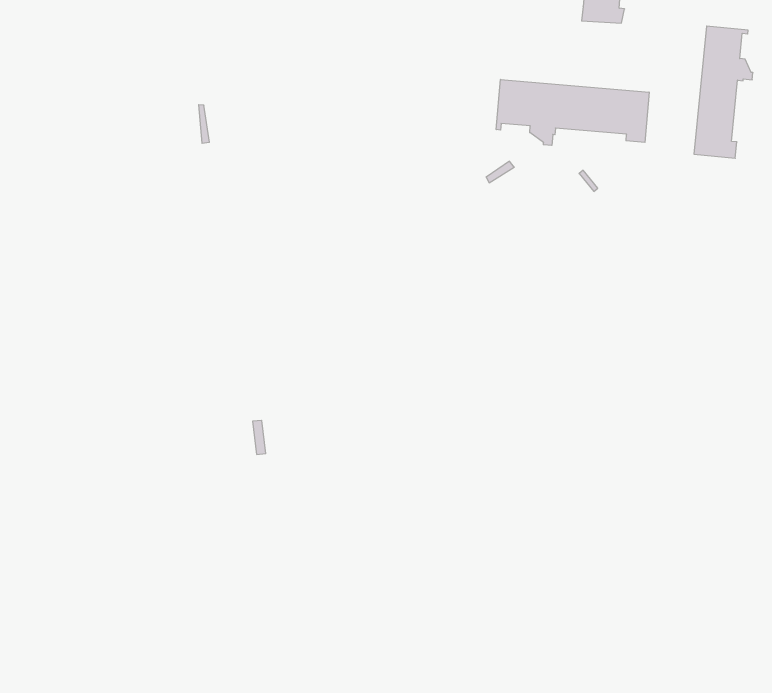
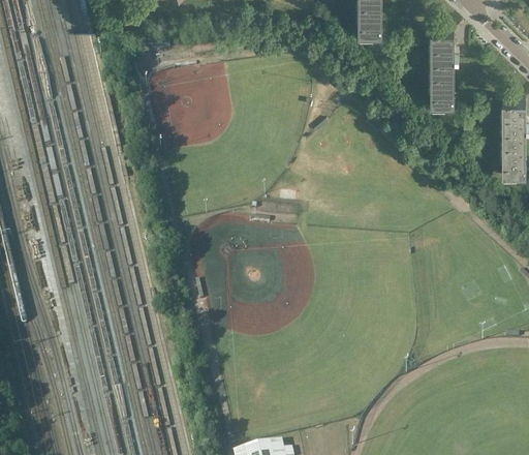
building: [496,79,649,145] -> none

